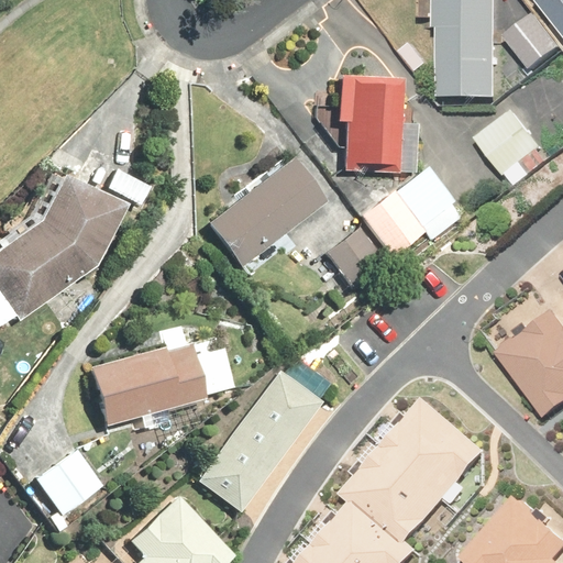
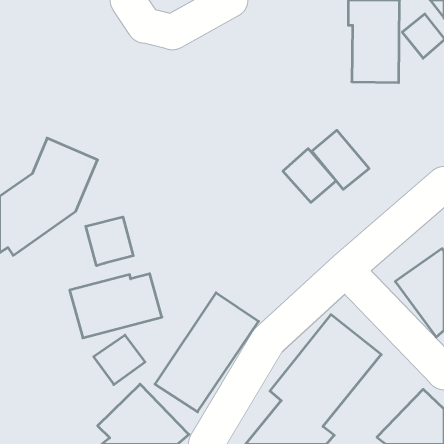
building: [338,80,396,170] -> none
building: [479,112,544,176] -> none
building: [205,156,328,268] -> none
building: [324,229,386,291] -> none
building: none -> [86,217,133,266]
building: [31,449,96,511] -> [94,335,145,385]

